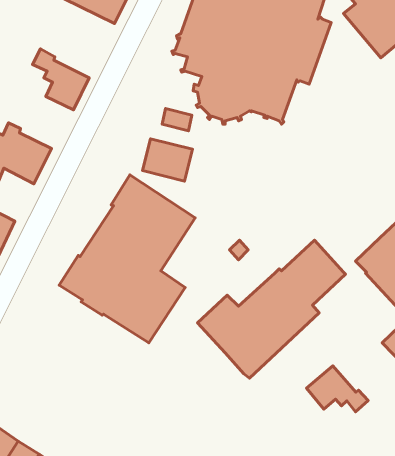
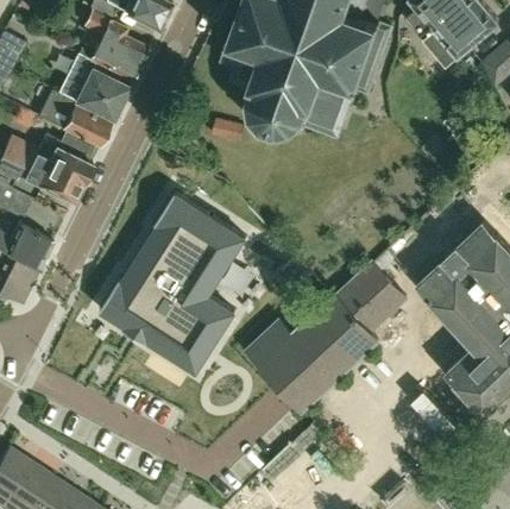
building: none -> [86,12,150,82]
building: none -> [40,92,112,146]
building: [143,139,193,181] -> none
building: [306,366,368,412] -> none

